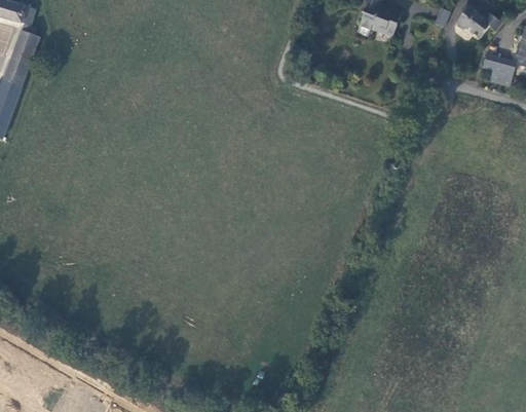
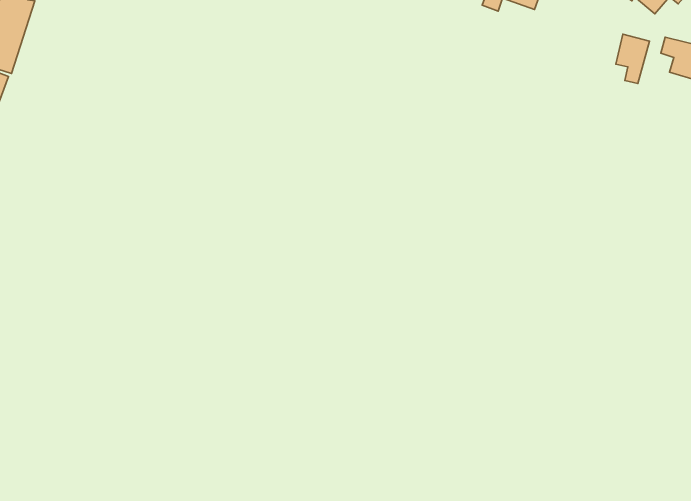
building: none -> [616,34,650,84]

